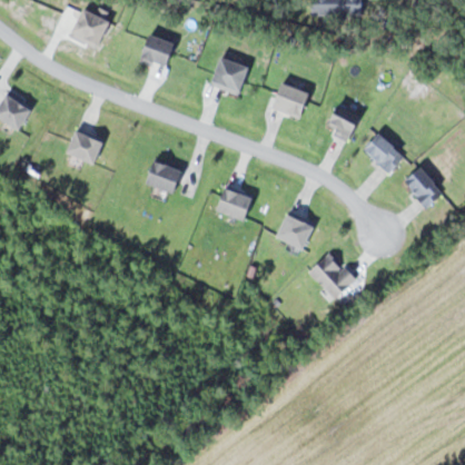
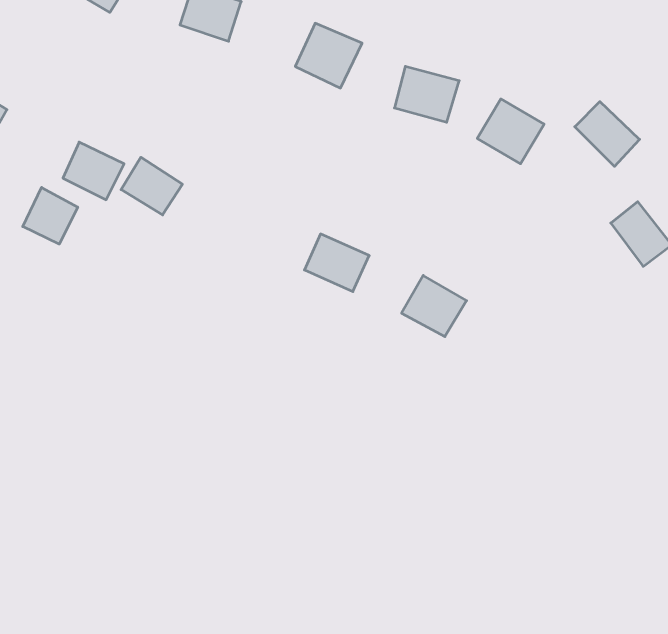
building: [363,133,403,174] -> [575,102,640,166]
building: none -> [23,187,78,244]
building: [146,159,184,195] -> [121,157,182,215]
building: [308,253,356,300] -> none

